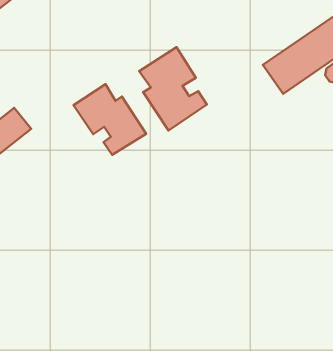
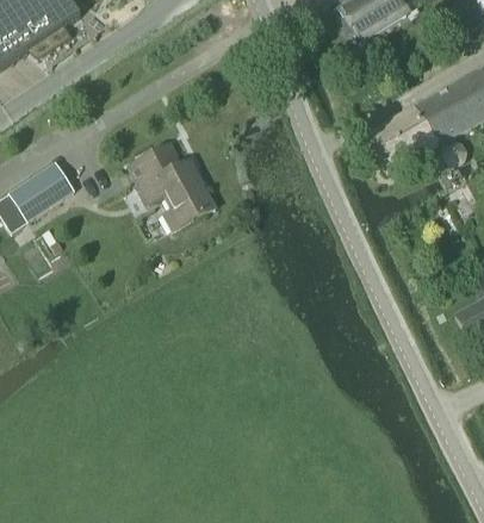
building: [139,47,207,131] -> none

